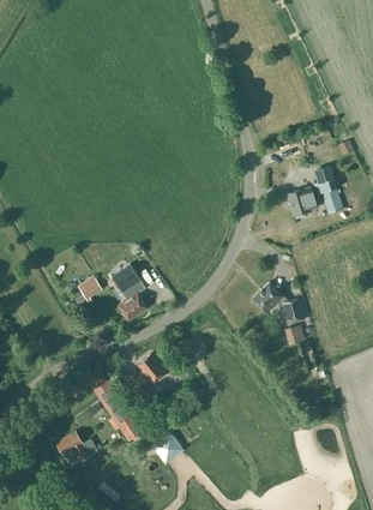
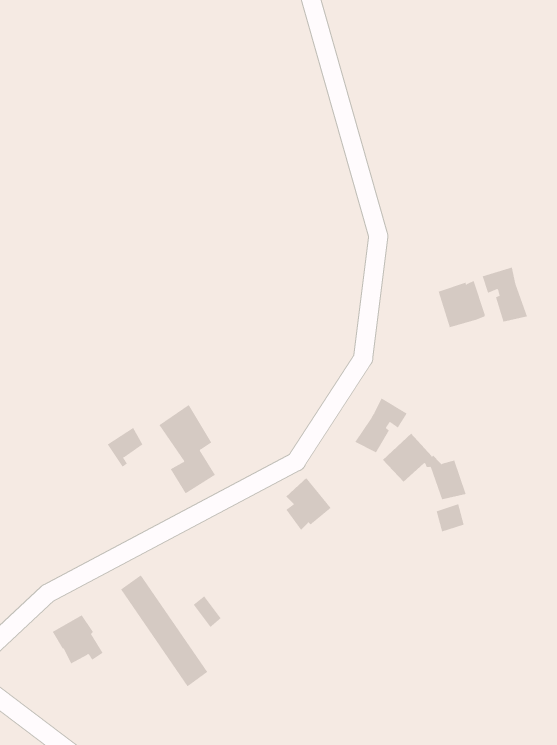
building: none -> [355,397,407,453]
building: [138,354,167,388] -> [286,477,331,531]
building: [56,432,89,463] -> [52,615,103,664]

